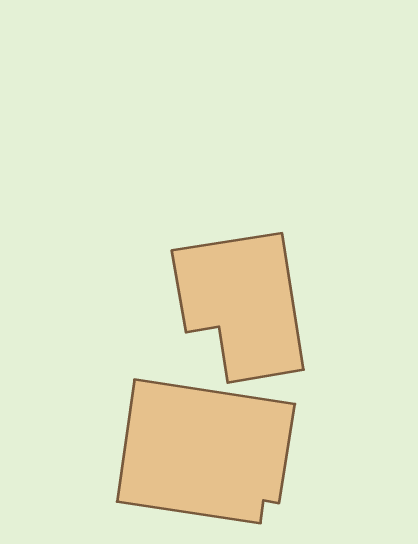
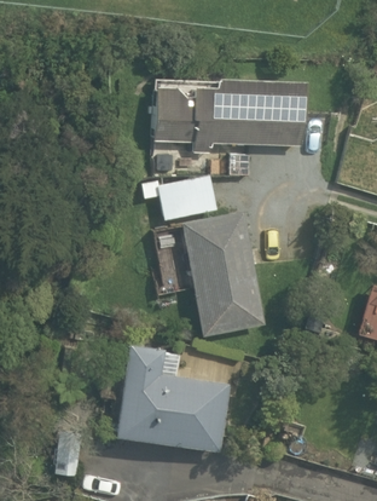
building: none -> [152,75,312,149]
building: none -> [143,175,220,218]

